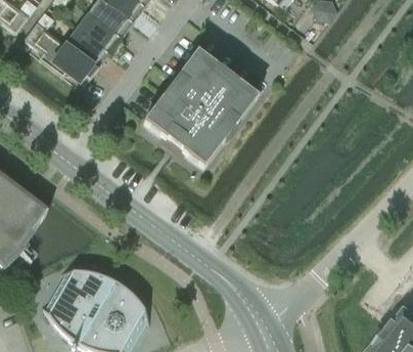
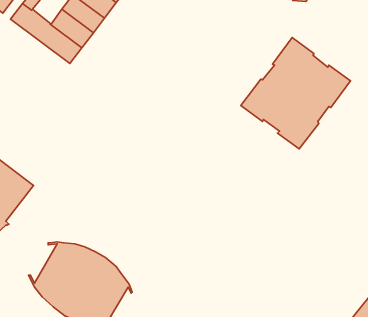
building: [142,49,256,165] -> [241,38,351,149]

